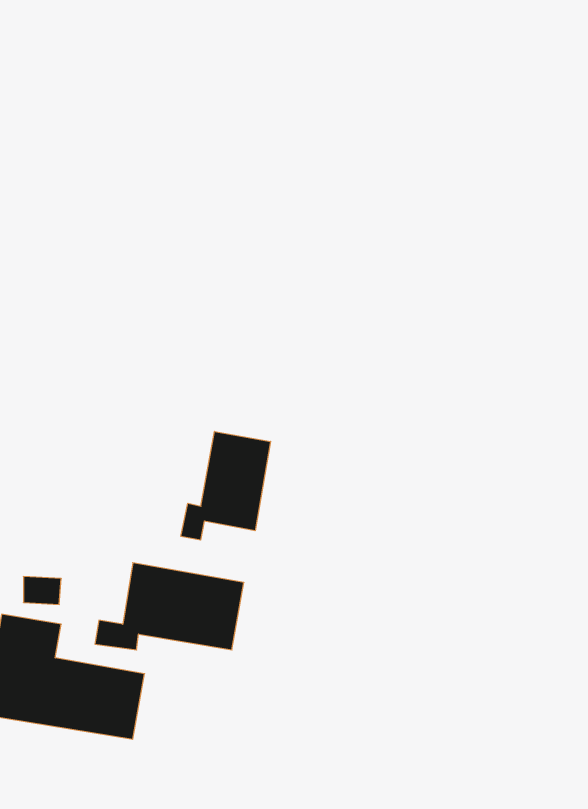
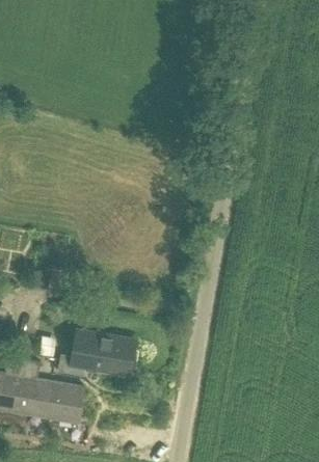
building: [181,431,271,540] -> none

